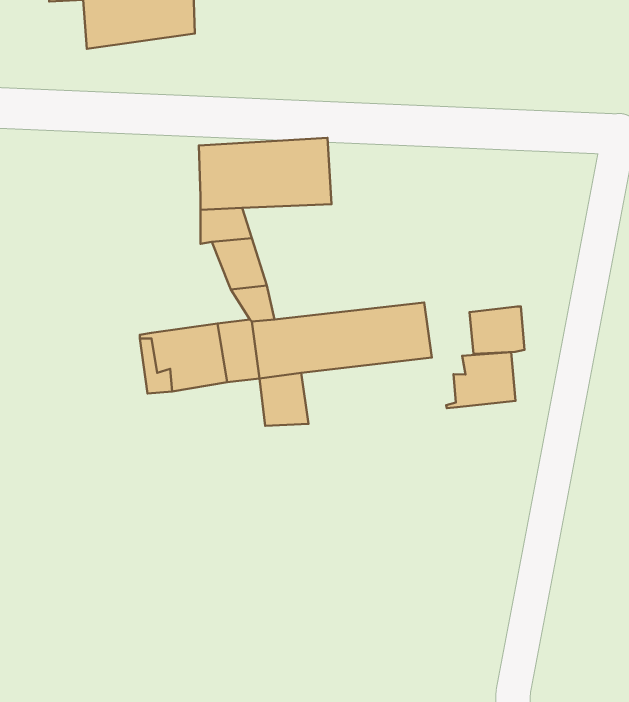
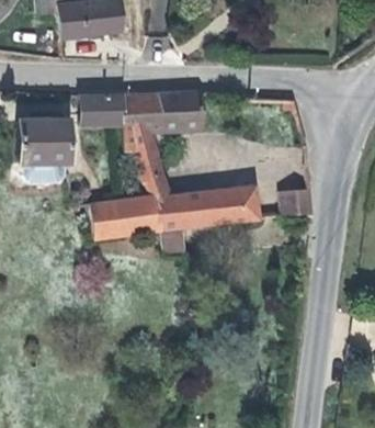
building: none -> [81,94,125,124]
building: none -> [18,120,69,182]
building: [446,352,516,408] -> none

